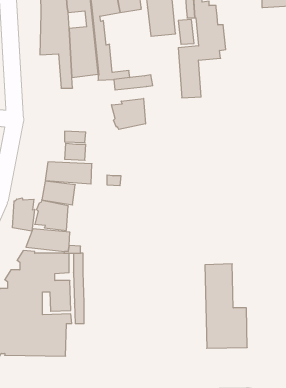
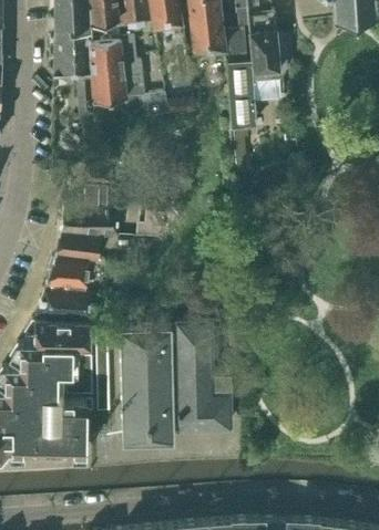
building: [112,98,145,129] -> none
building: [13,198,35,231] -> none
building: none -> [120,326,175,445]
building: [205,264,247,348] -> [177,322,231,428]

